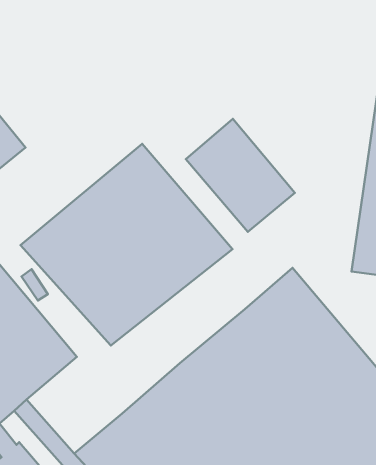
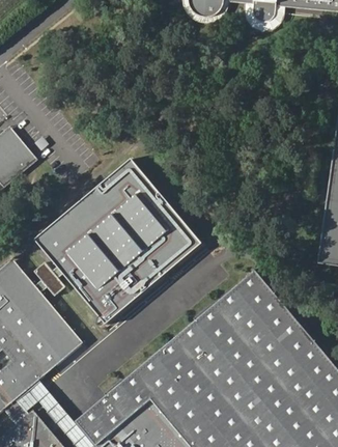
building: [186,119,295,232] -> none

